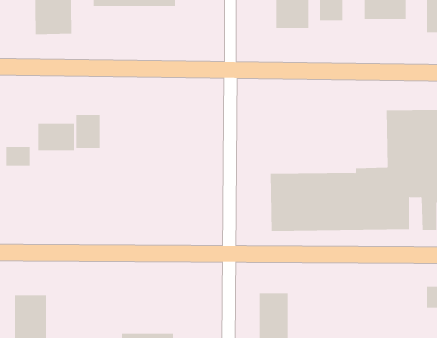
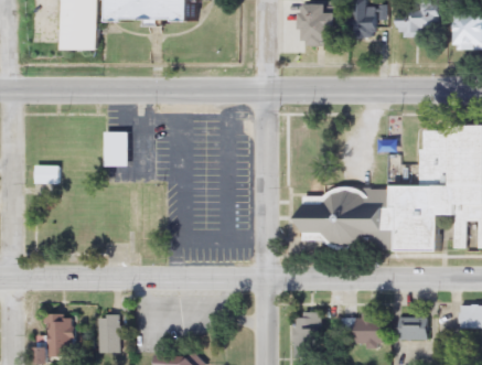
building: [38,123,74,151] -> none
building: none -> [94,314,116,352]
building: none -> [338,314,383,348]
building: none -> [395,318,425,340]

